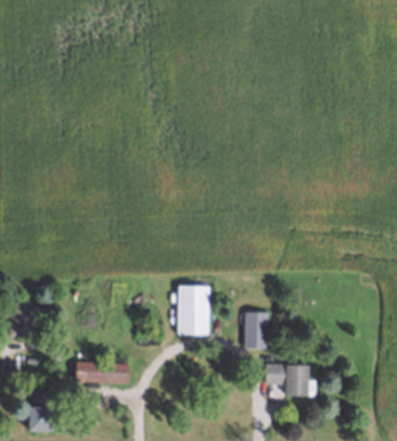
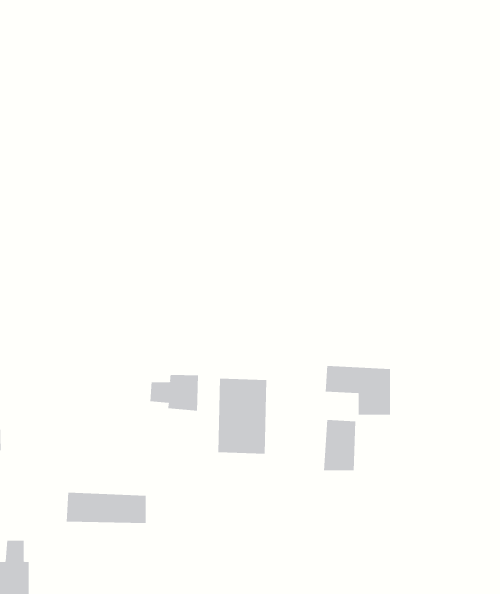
building: none -> [150,374,198,412]
building: [266,363,309,395] -> [325,366,391,415]

